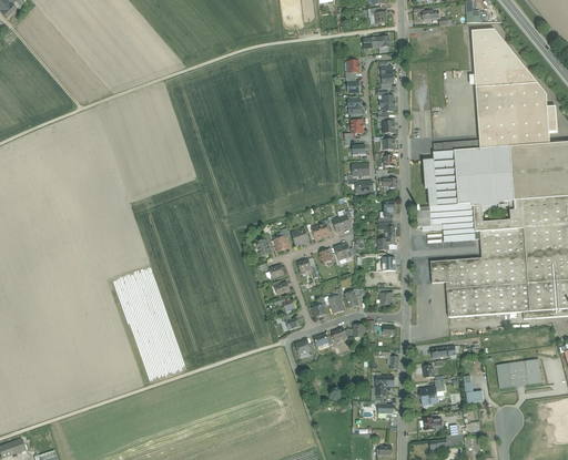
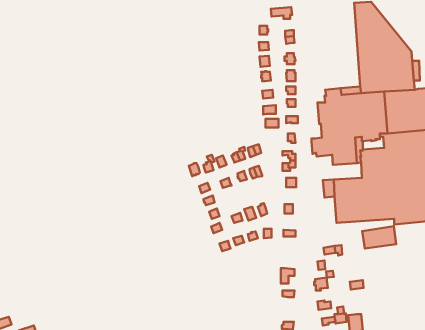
building: [497,359,541,388] -> [362,226,396,248]

